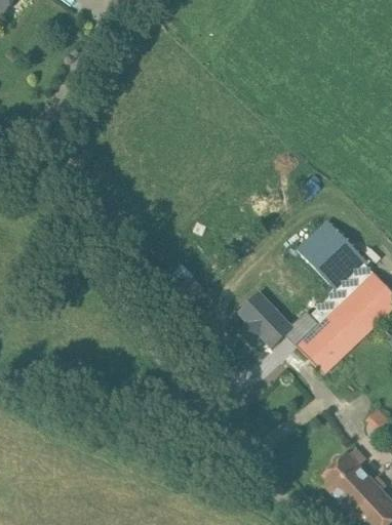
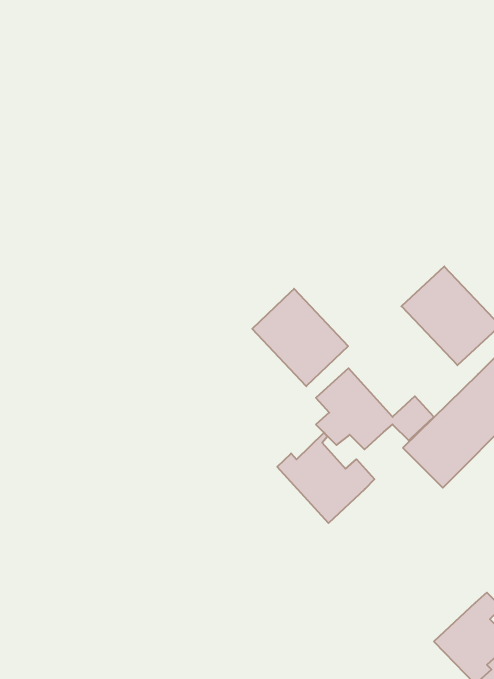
building: none -> [252,289,348,386]
building: none -> [277,432,374,523]

